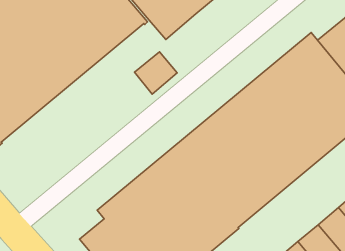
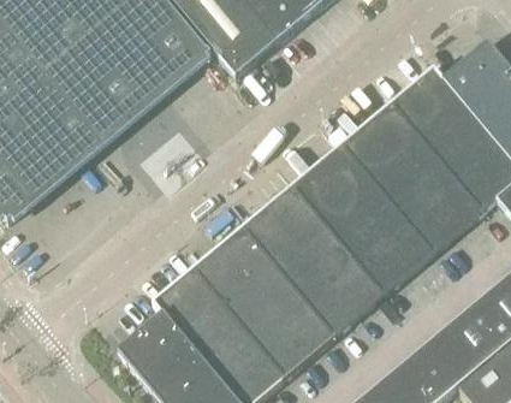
building: [135,52,177,94] -> none

